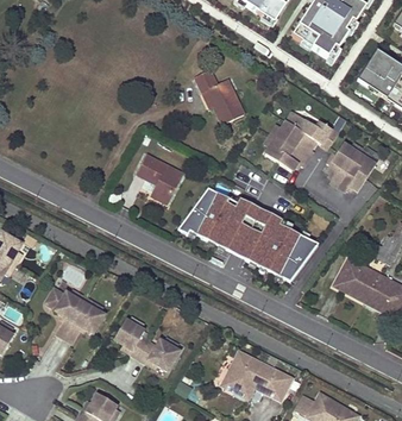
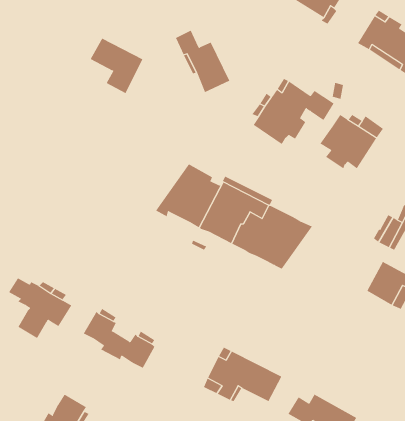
building: [137,153,184,203] -> [90,38,143,94]
building: [335,257,381,300] -> none

